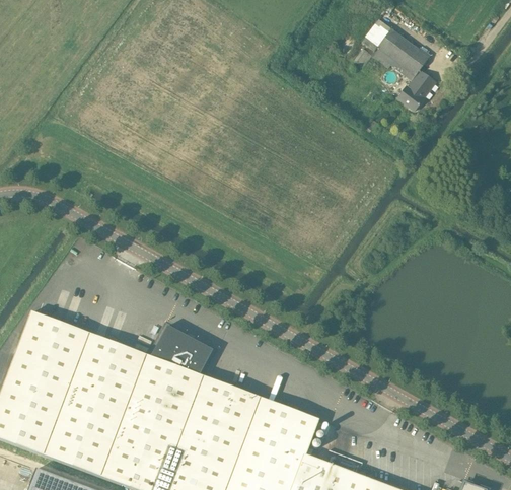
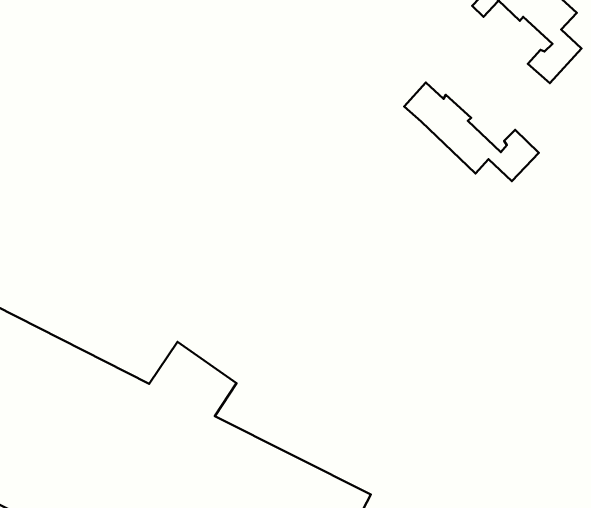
building: none -> [404,83,539,181]

